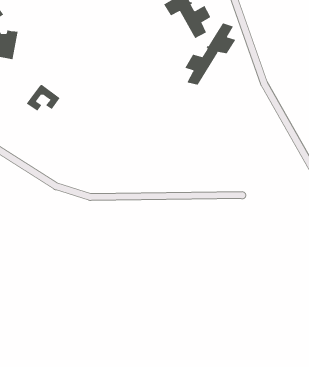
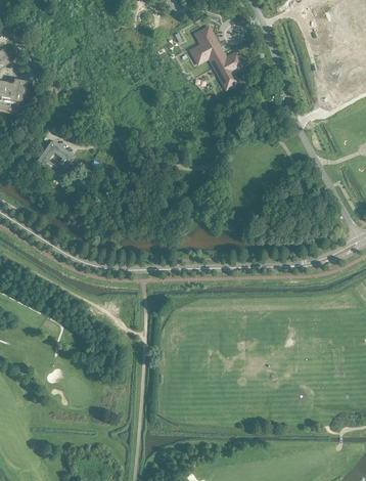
building: [184,22,236,85] -> none

